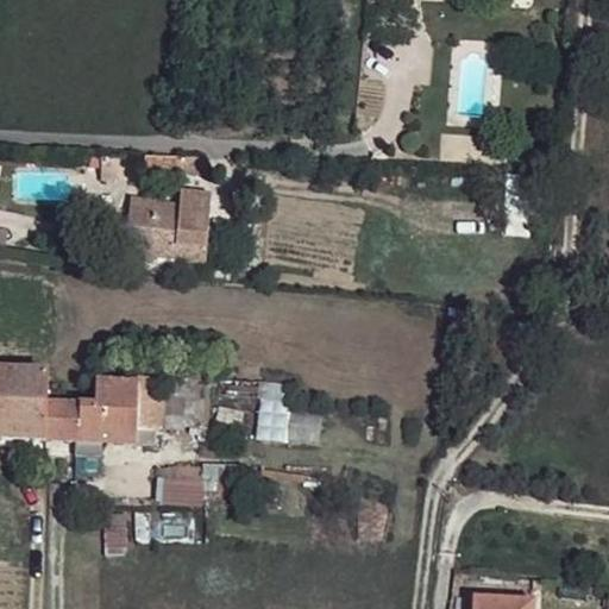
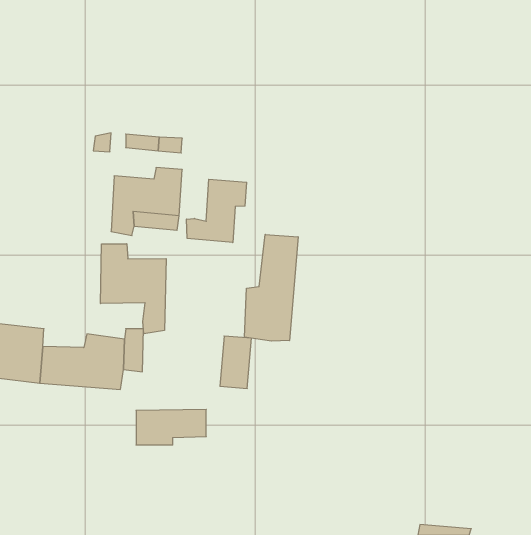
building: none -> [187,179,247,243]
building: none -> [245,234,298,341]
building: none -> [101,244,166,334]

